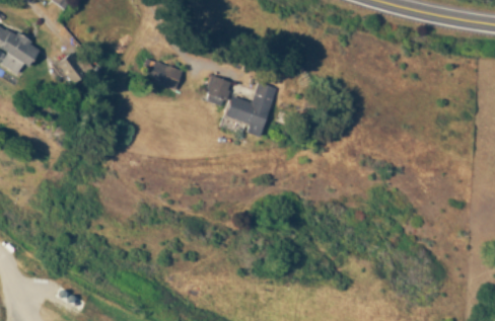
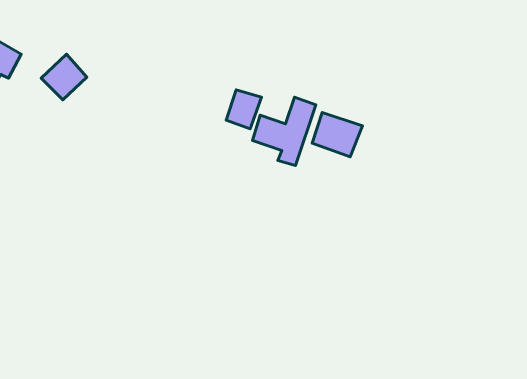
building: [141,59,183,89] -> none
building: none -> [312,112,362,157]

